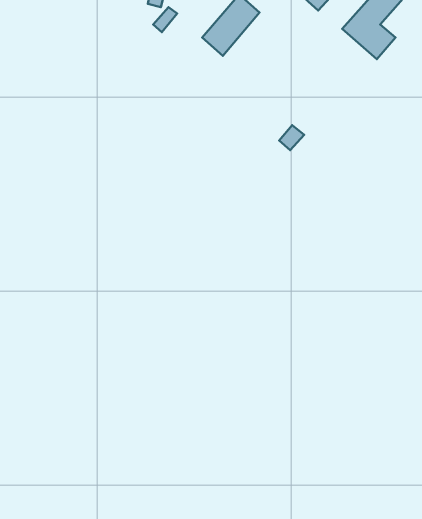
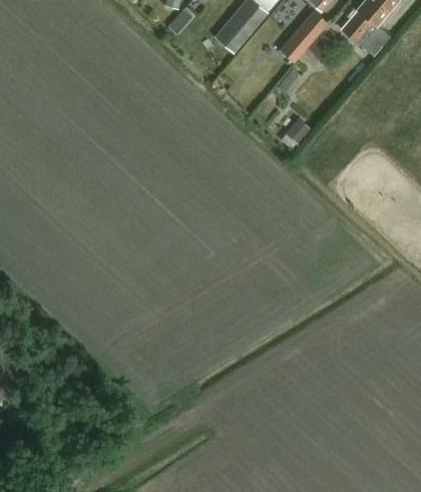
building: none -> [280,9,329,61]

